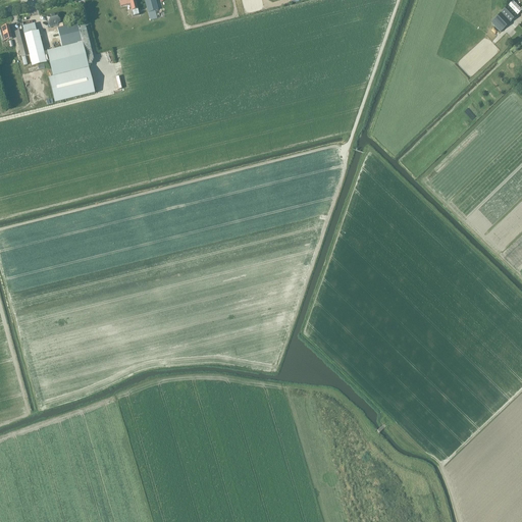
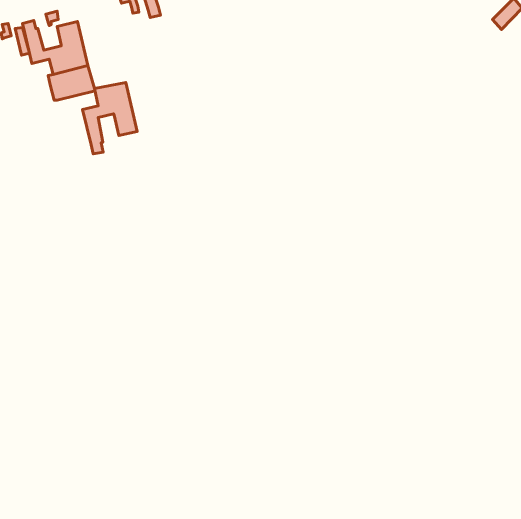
building: none -> [83,83,137,154]

